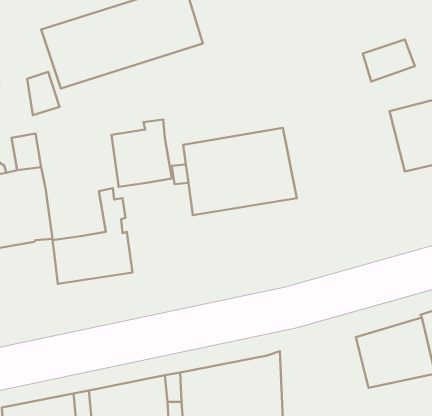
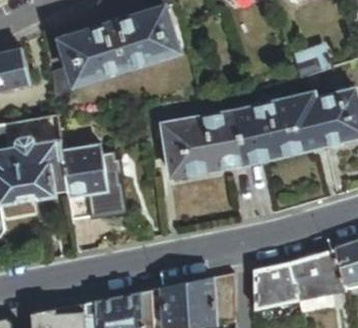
building: none -> [235,95,323,163]
building: [111,120,172,187] -> [63,145,107,194]
building: none -> [253,264,297,309]

